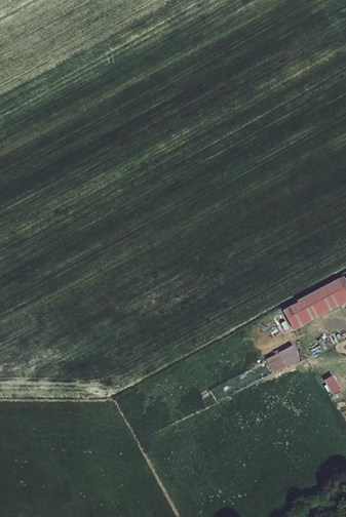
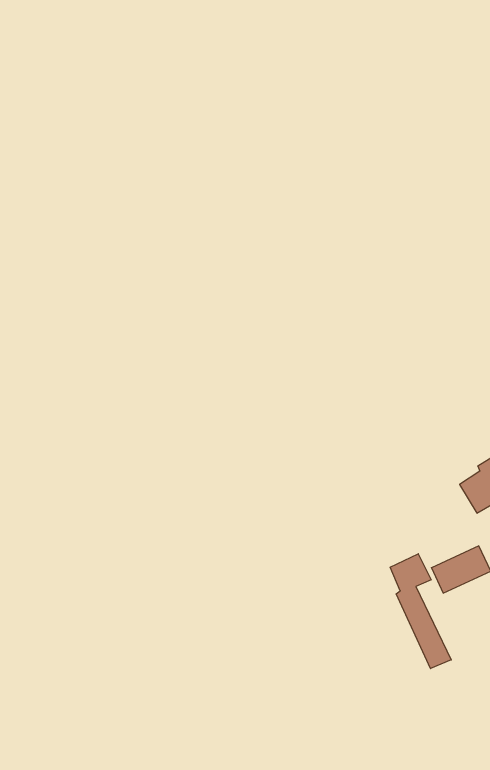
building: none -> [390,554,451,669]

